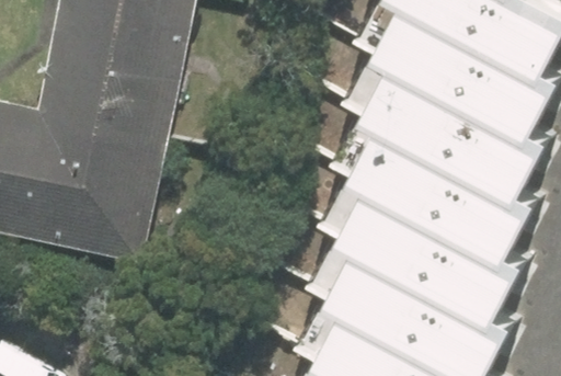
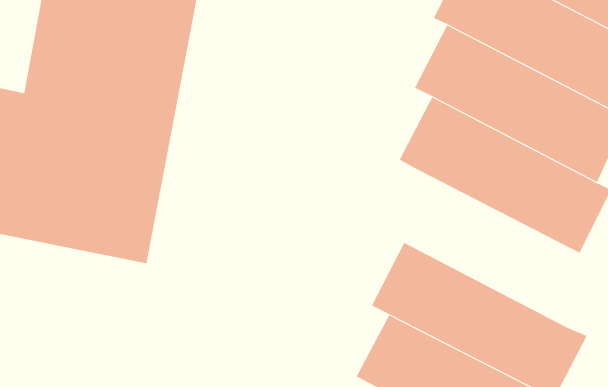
building: [347,170,533,306] -> none

